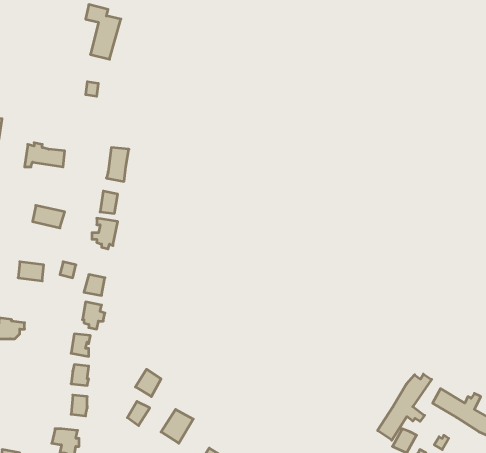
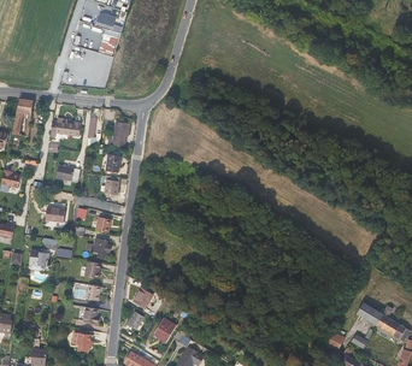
building: [378,374,432,440] -> none

